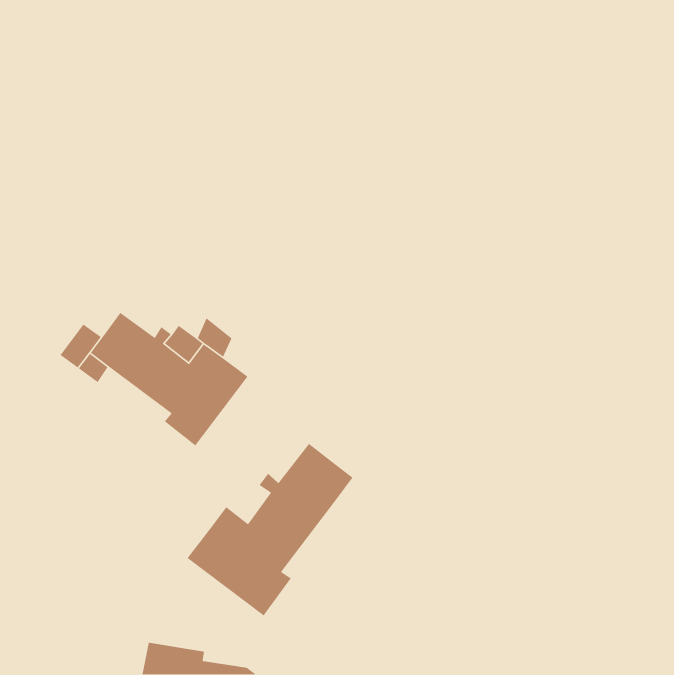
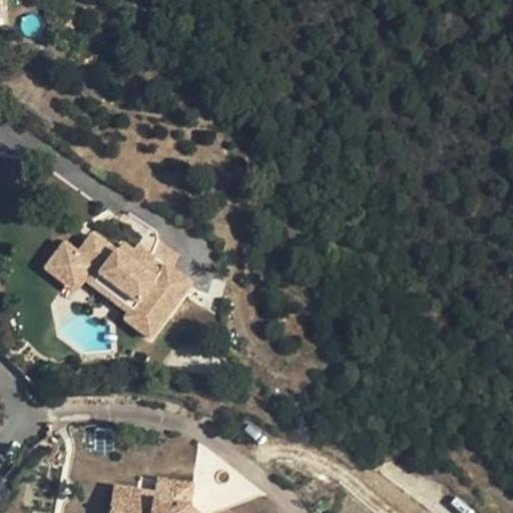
building: [186,443,354,617] -> none

